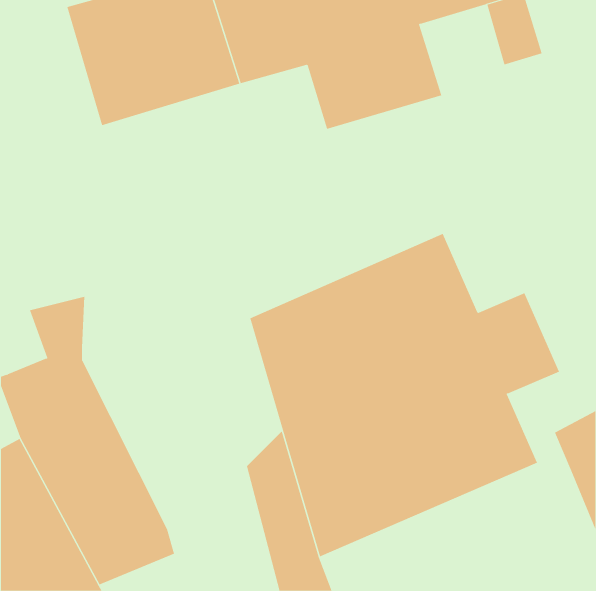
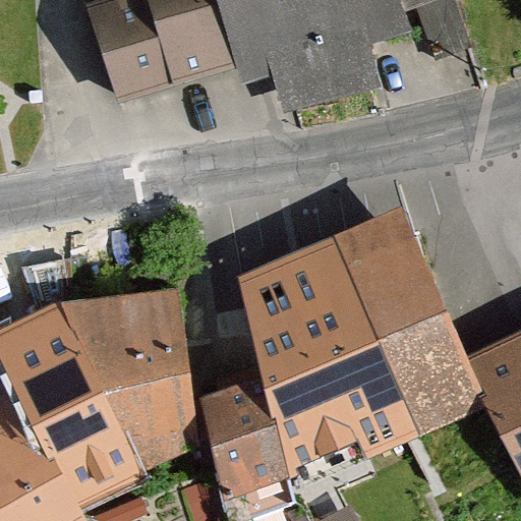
building: none -> [72,295,206,462]

